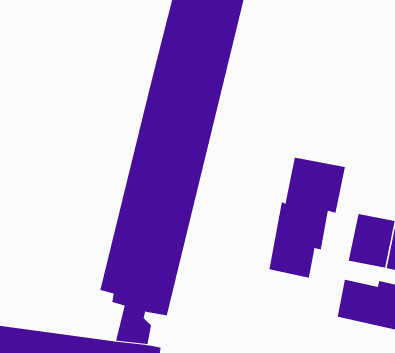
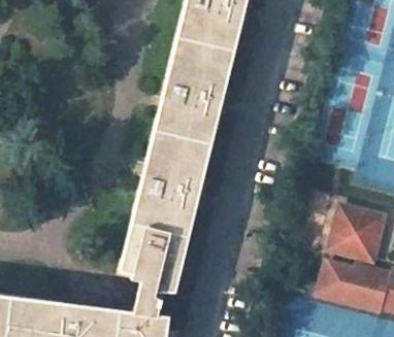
building: [269,157,346,278] -> none

